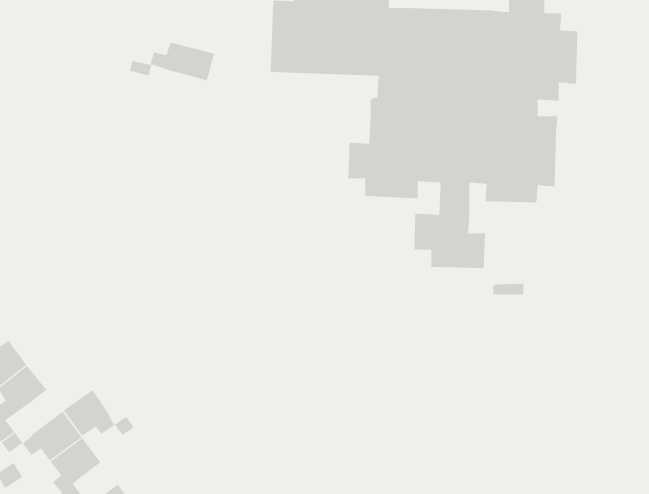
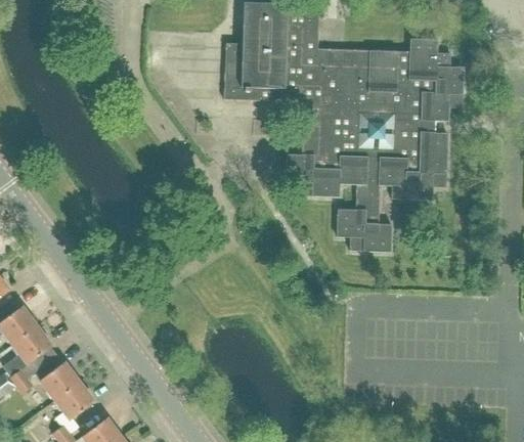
building: [129,42,215,81] -> none
building: [63,389,134,437] -> none

